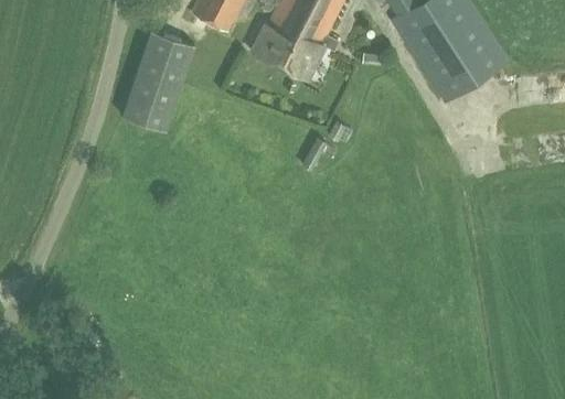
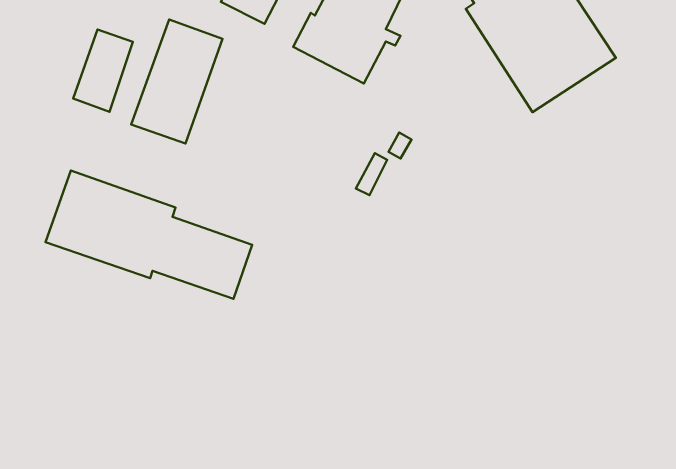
building: none -> [73,29,133,112]
building: none -> [46,171,252,299]

